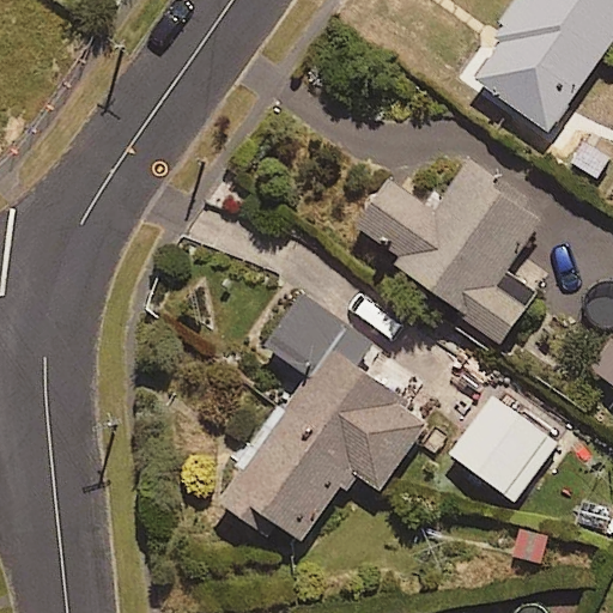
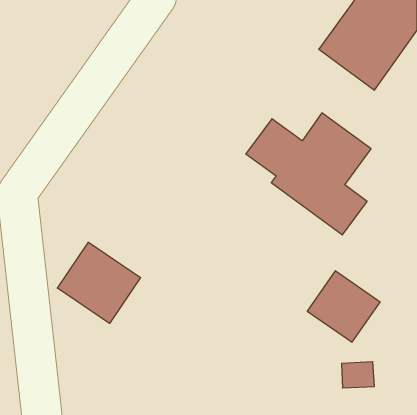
building: [225,296,427,550] -> none
building: none -> [57,242,141,323]

